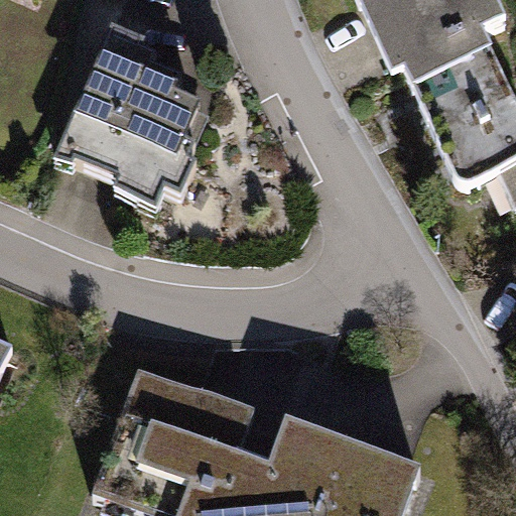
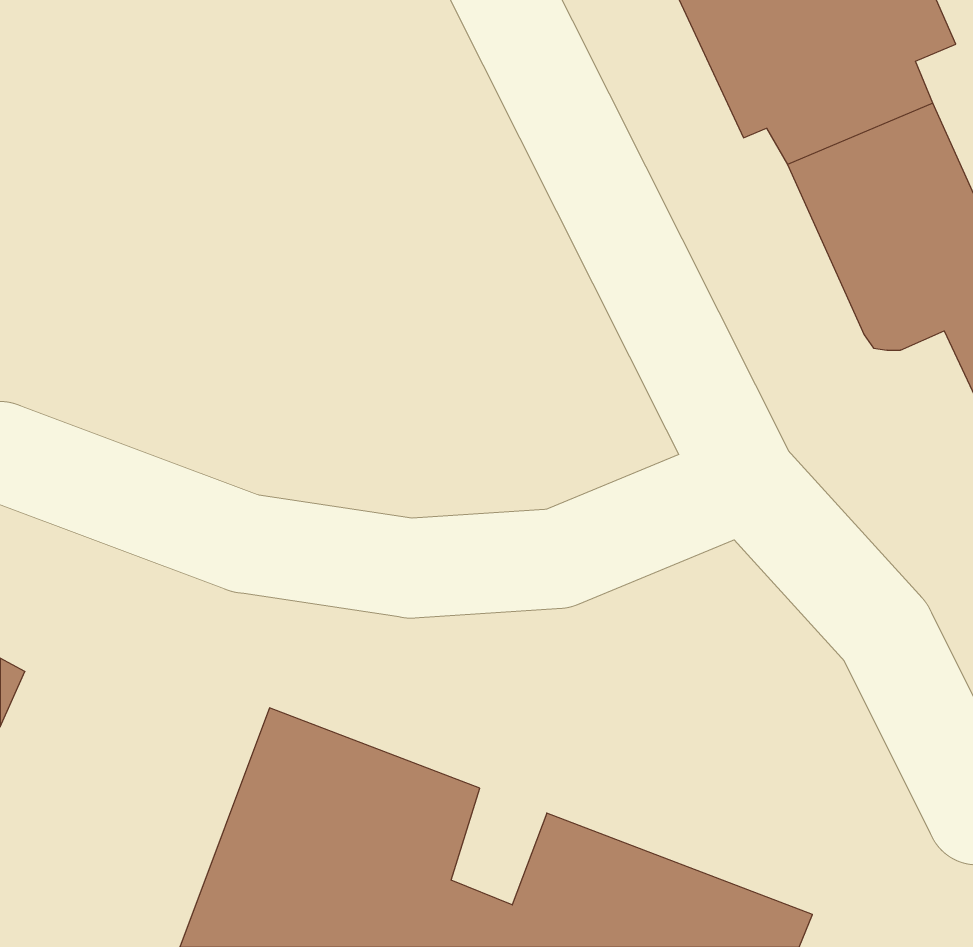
building: [55,27,212,212] -> none

